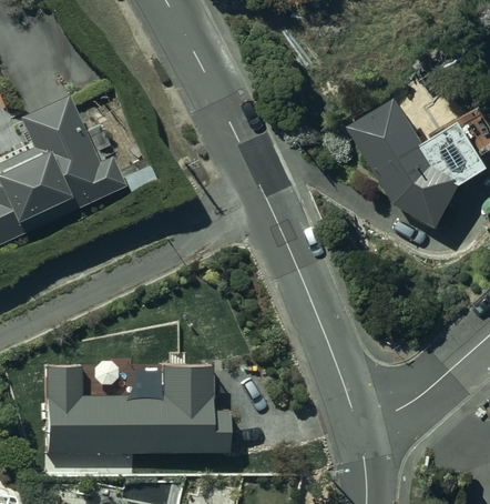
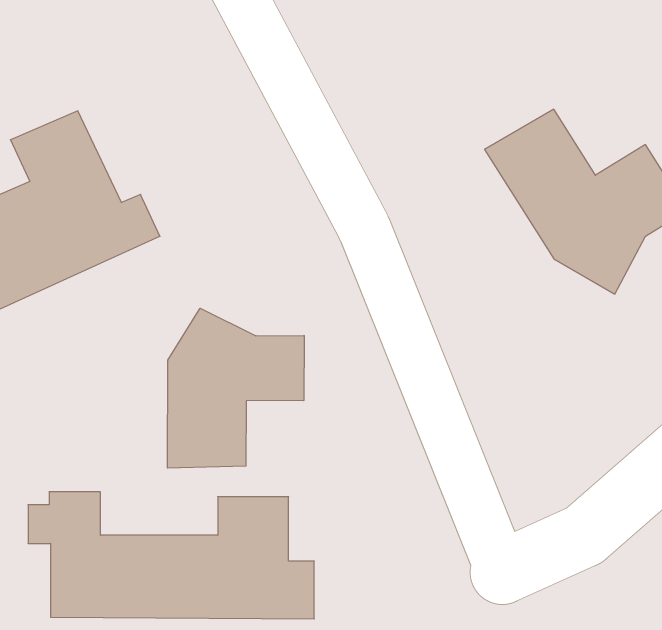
building: none -> [167,308,304,468]

